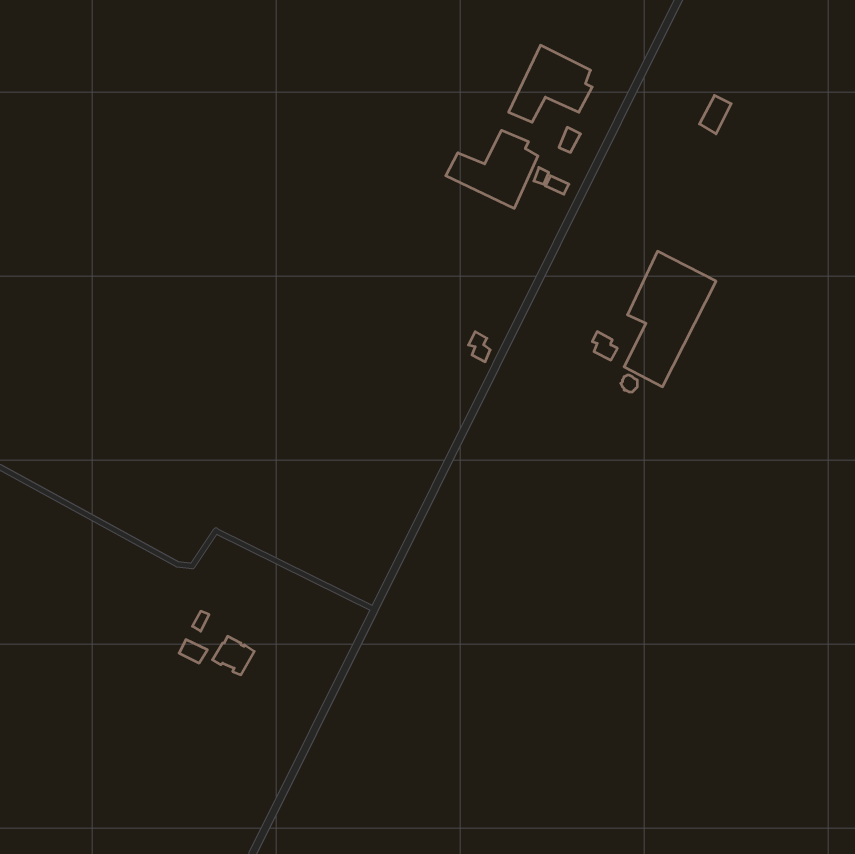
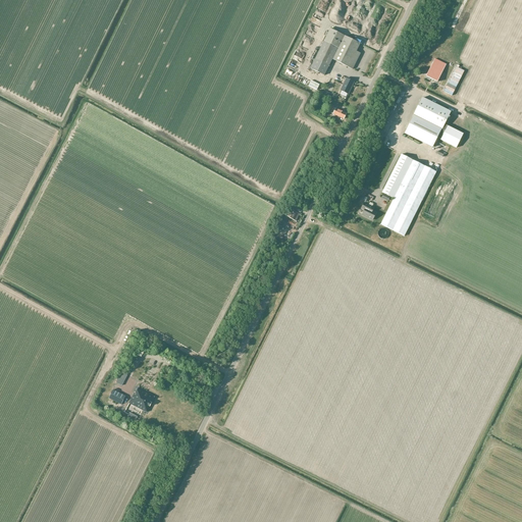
building: [446,130,538,208] -> none
building: none -> [405,97,463,147]

